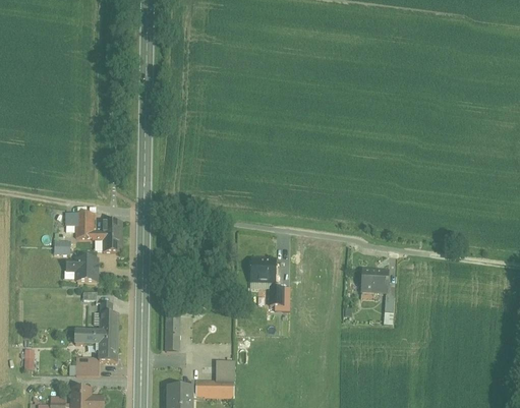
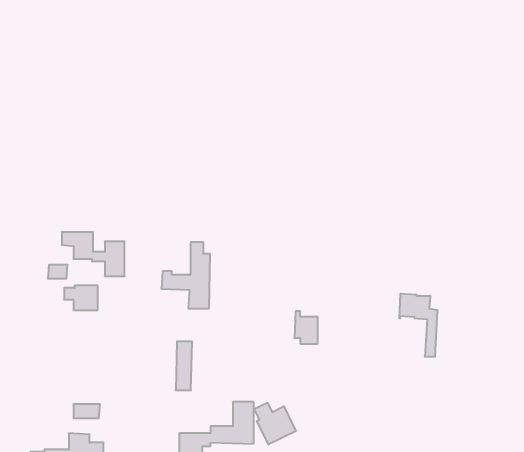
building: [249,258,275,281] -> none
building: [74,302,117,360] -> [161,242,210,308]
building: none -> [254,403,296,445]

